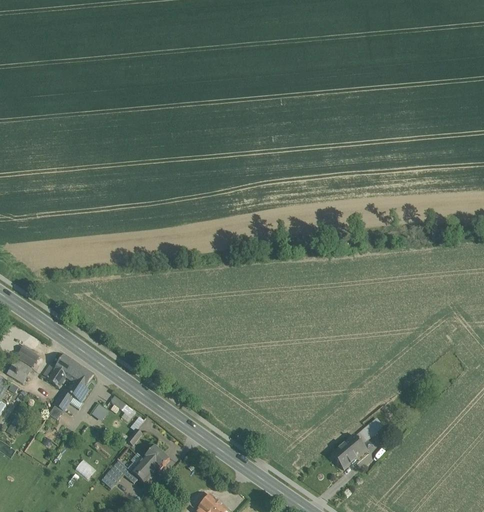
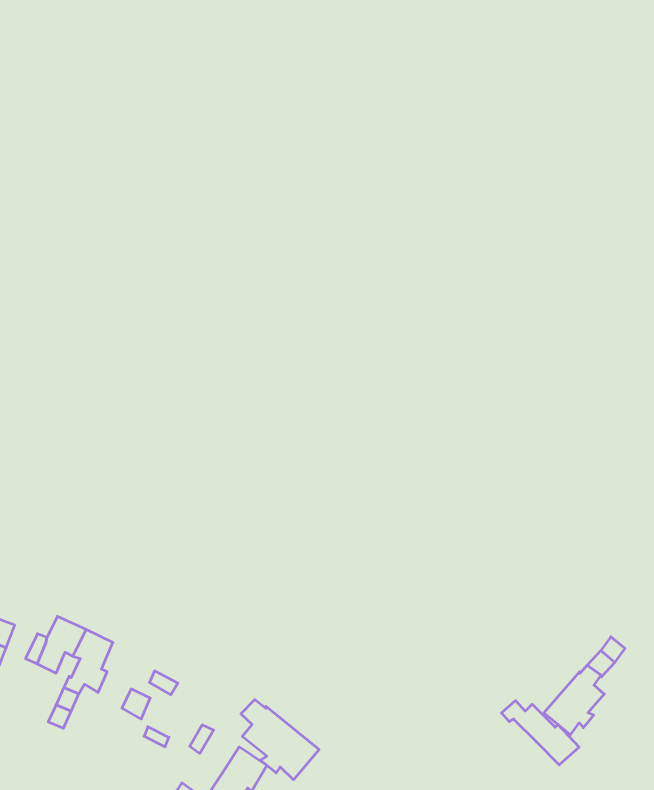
building: none -> [241,700,319,780]
building: none -> [501,701,579,765]

